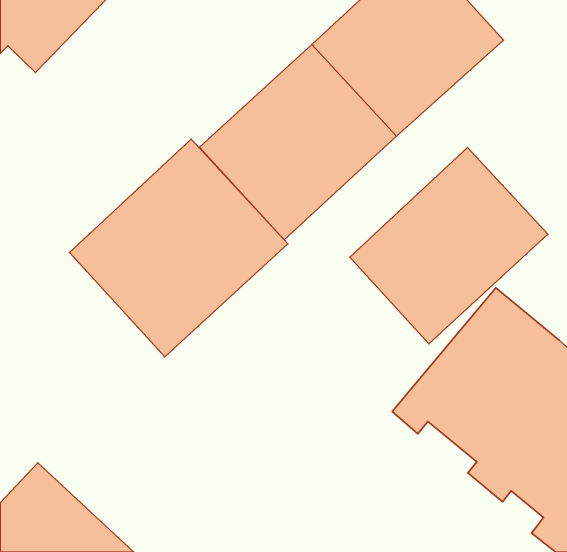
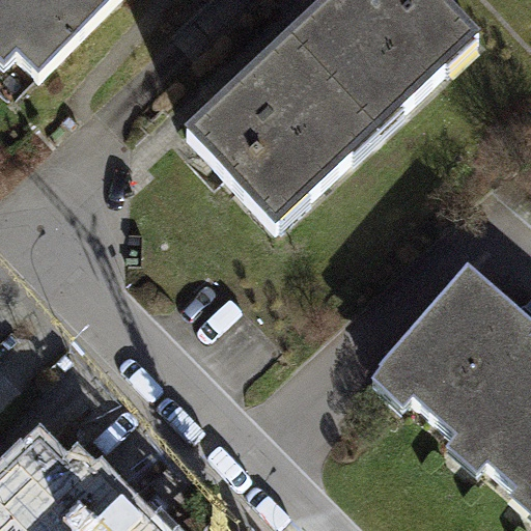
building: [69,139,288,357] -> none
building: [350,147,548,344] -> none

